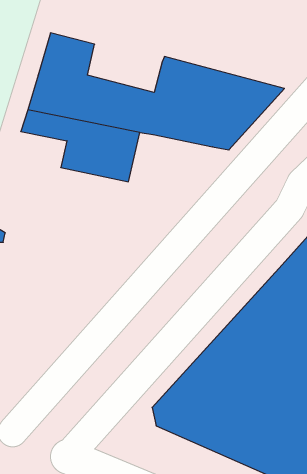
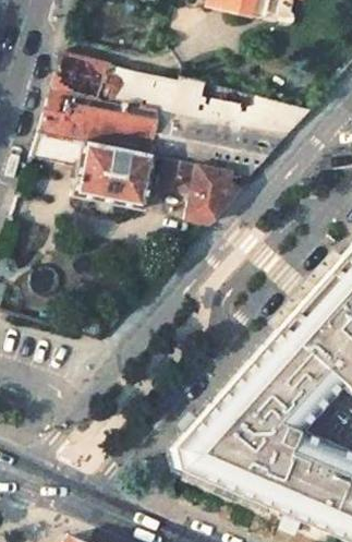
building: none -> [104,62,183,113]
building: none -> [168,158,241,224]

